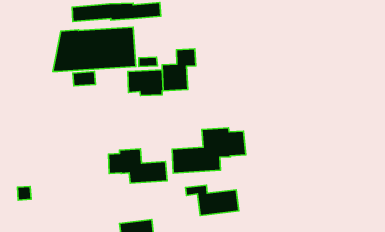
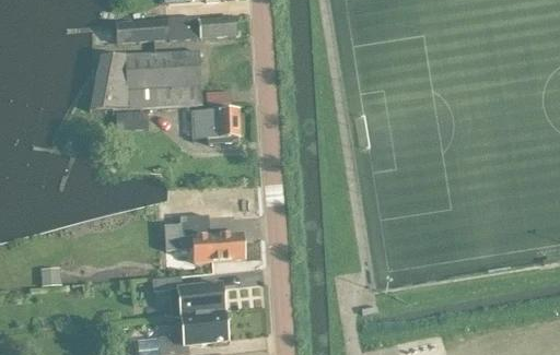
building: [162,49,196,91] -> none
building: [172,128,246,173] -> none
building: [186,185,239,216] -> [151,276,223,318]

